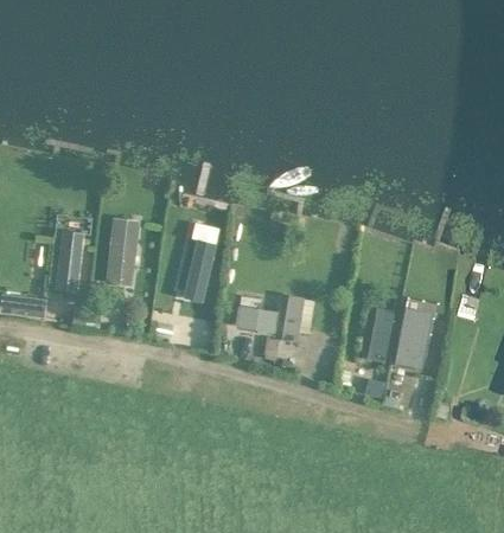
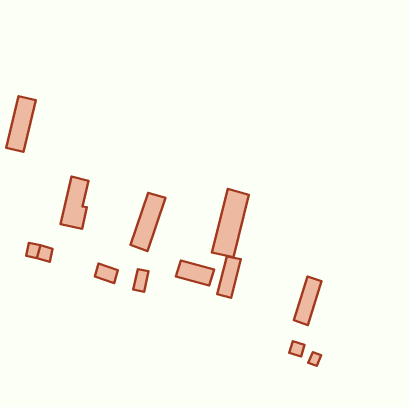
building: none -> [212,189,249,257]
building: [56,231,82,290] -> [6,96,36,152]
building: [394,312,429,367] -> none

